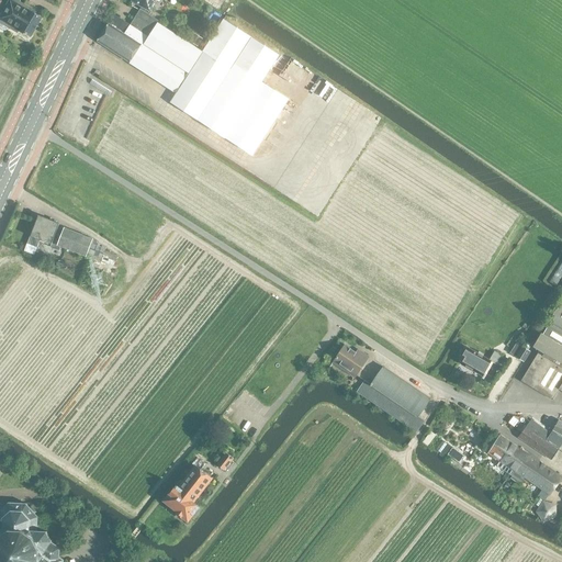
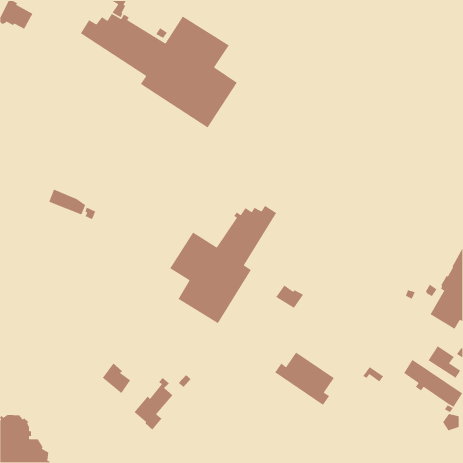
building: [29,215,57,245] -> none
building: none -> [169,205,277,324]
building: [458,348,490,375] -> none
building: [356,367,429,432] -> [274,352,335,406]
building: none -> [102,363,131,394]

